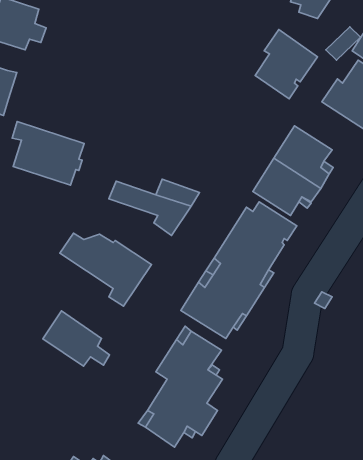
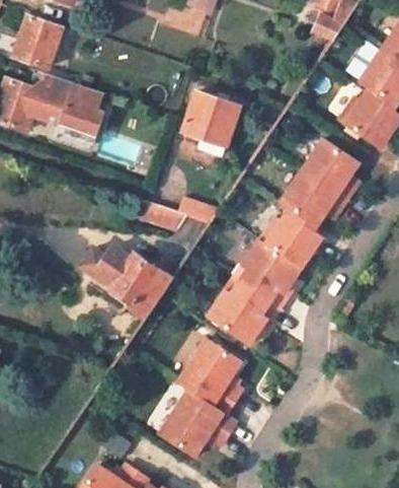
building: [255,29,318,99] -> none
building: none -> [183,93,236,146]
building: [12,122,84,185] -> [34,73,104,135]
building: [43,311,110,366] -> none

